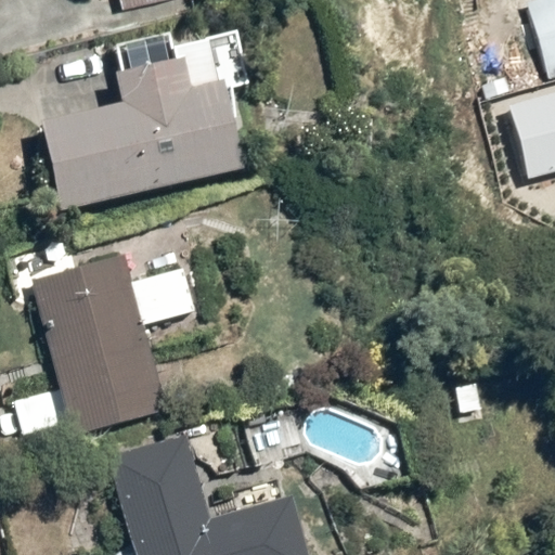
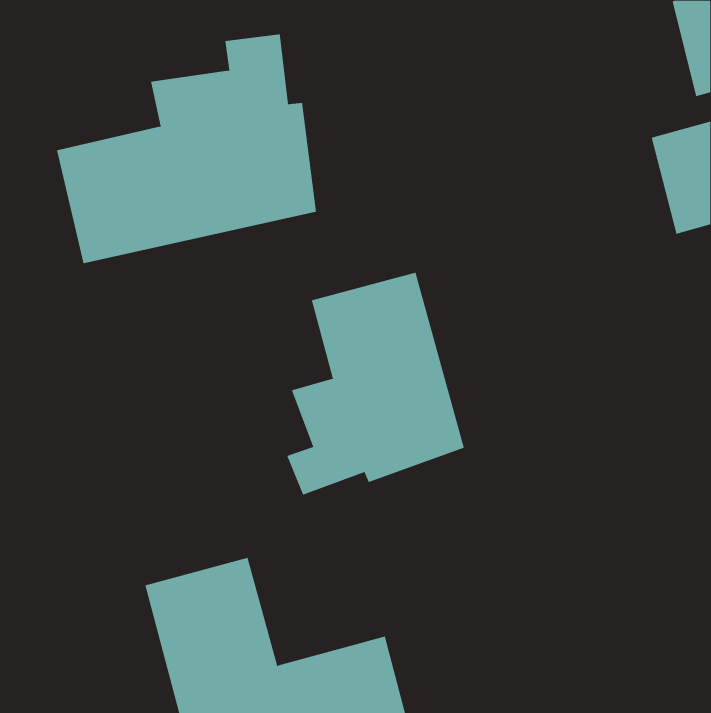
building: none -> [287,272,465,495]
building: [31,256,203,437] -> none

